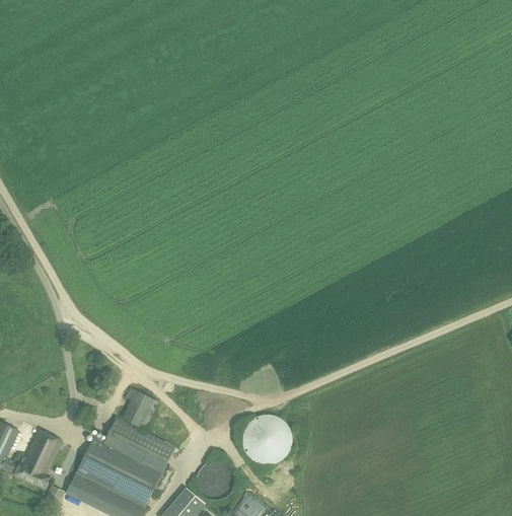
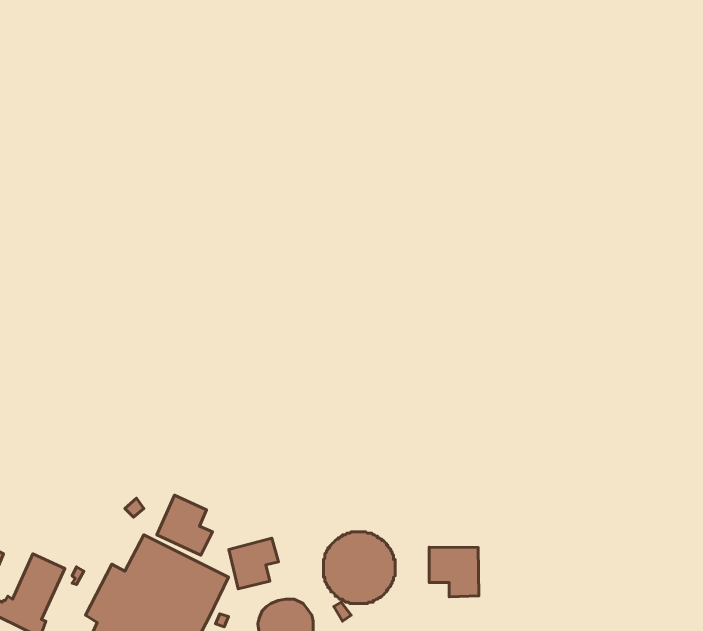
building: none -> [229,538,279,589]
building: none -> [429,547,479,597]

